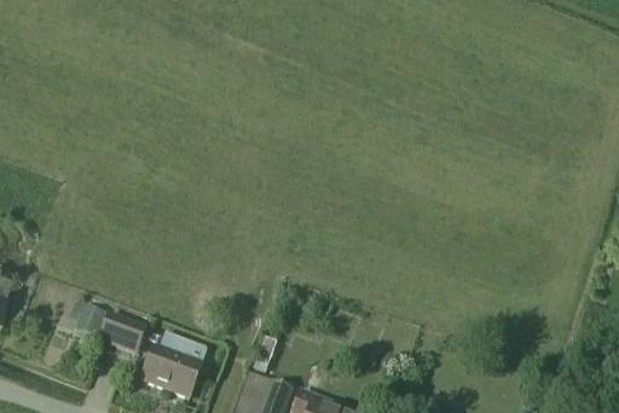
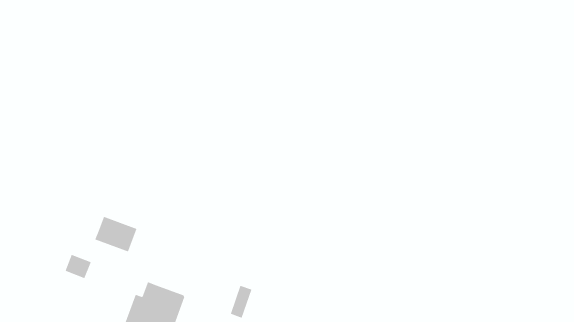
building: [98,312,144,350] -> [94,216,138,252]

